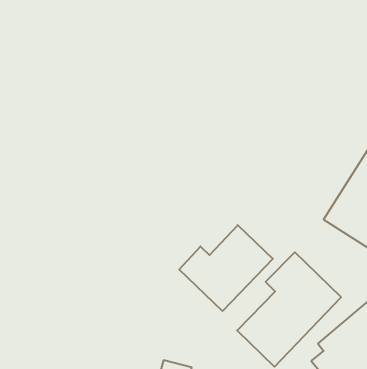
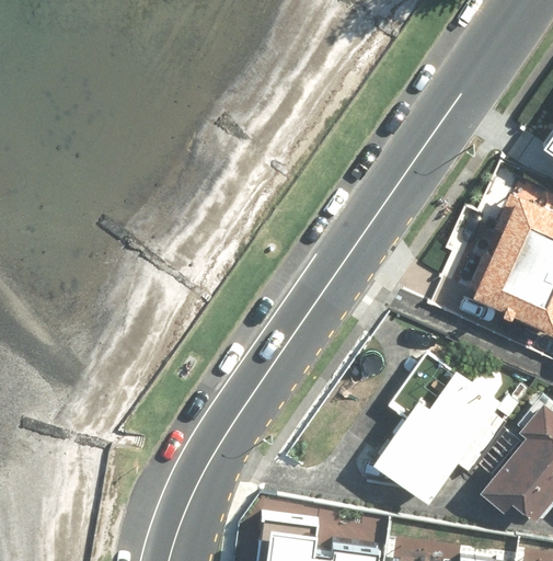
building: [179,225,273,311] -> none

